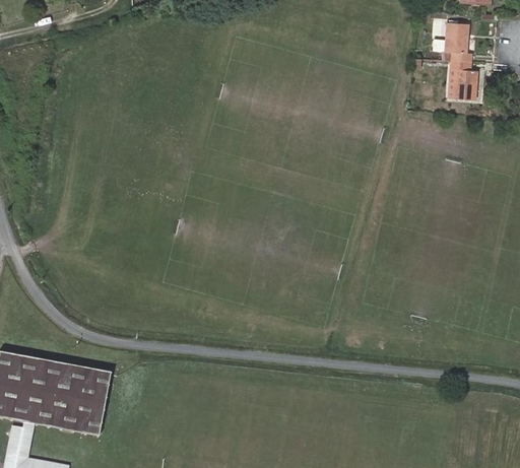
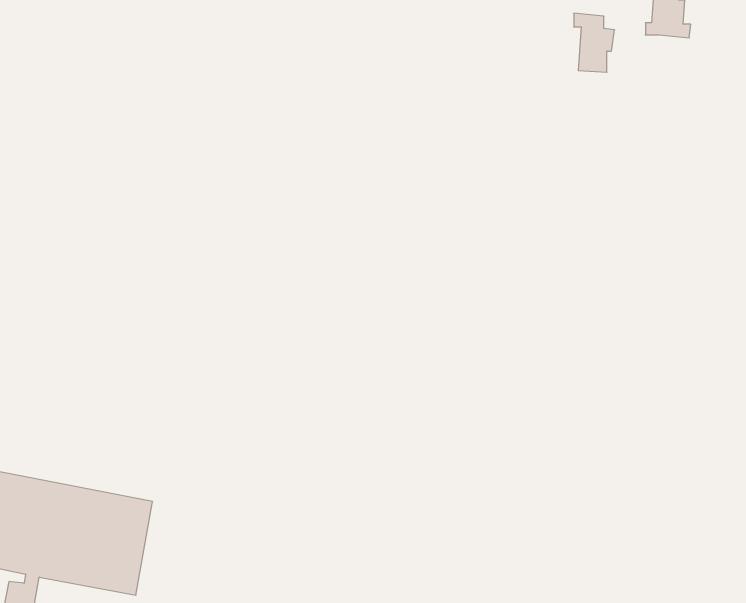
building: [450,59,477,98] -> [574,13,615,72]

